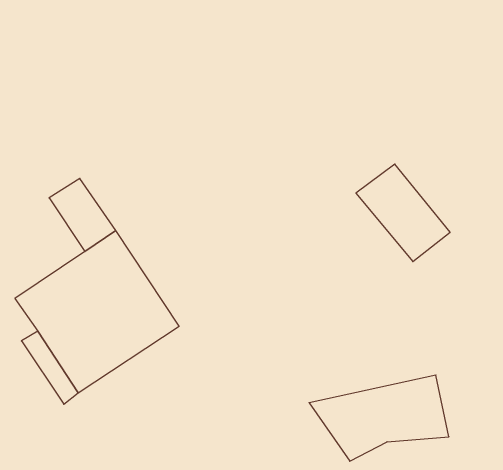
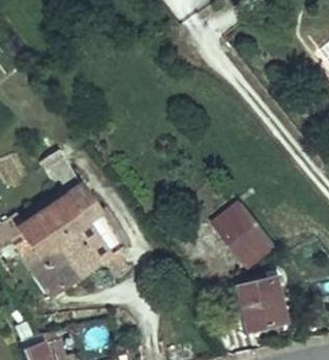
building: [356,164,450,262] -> [214,200,274,262]

